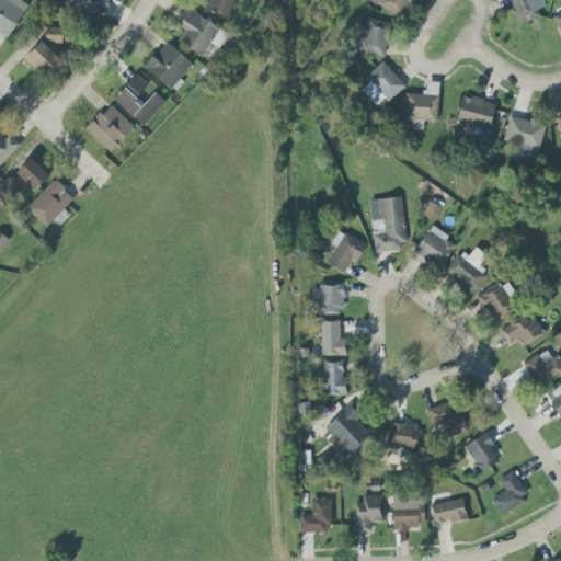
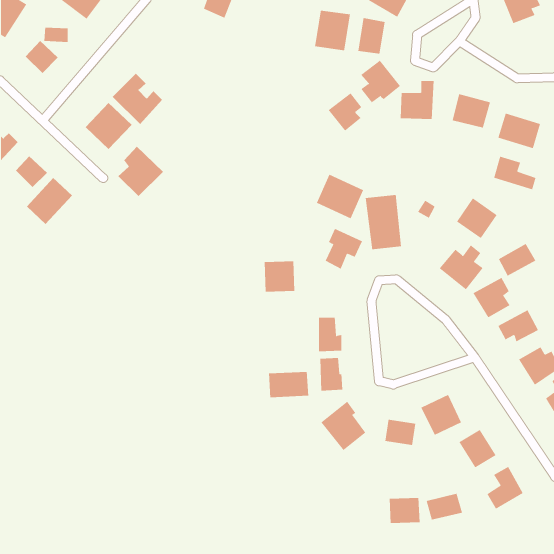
building: none -> [314,10,350,51]
building: [179,10,219,56] -> none
building: [144,41,193,92] -> none
building: none -> [328,92,362,131]
building: none -> [117,146,164,197]
building: none -> [493,156,536,190]
building: none -> [316,174,364,219]
building: [415,226,457,267] -> [456,198,498,239]
building: none -> [498,243,536,277]
building: [313,283,345,314] -> [264,261,295,292]
building: none -> [268,371,309,398]
building: [356,496,385,529] -> none
building: [300,497,331,531] -> none

